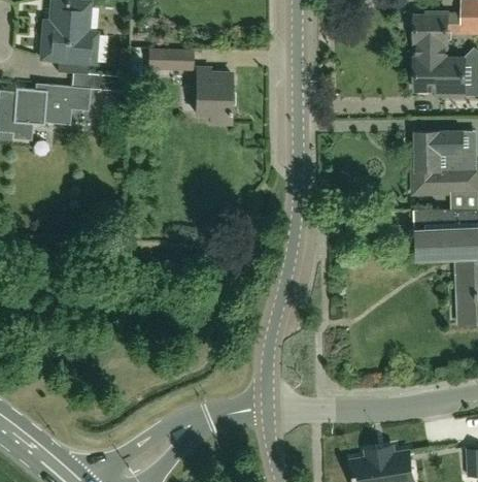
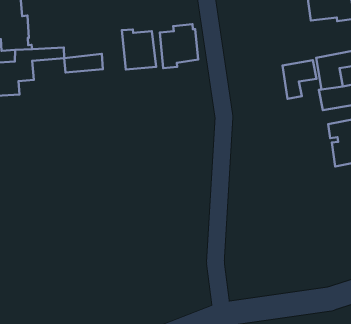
building: [149,52,194,70] -> [64,54,103,73]
building: none -> [160,24,198,68]
building: none -> [283,60,317,99]

